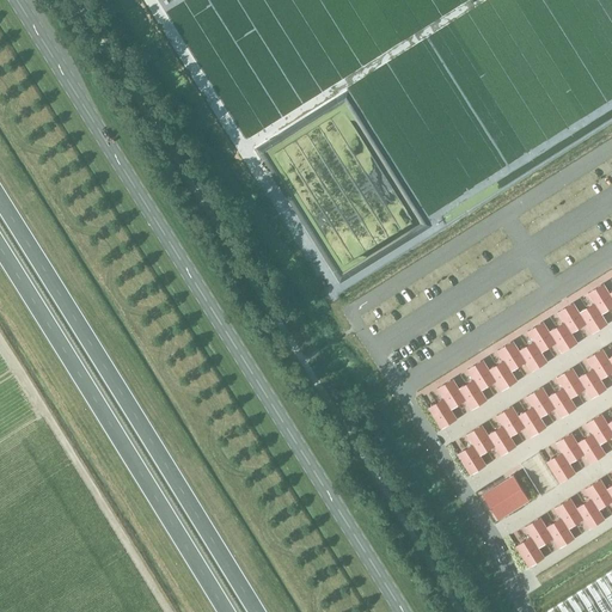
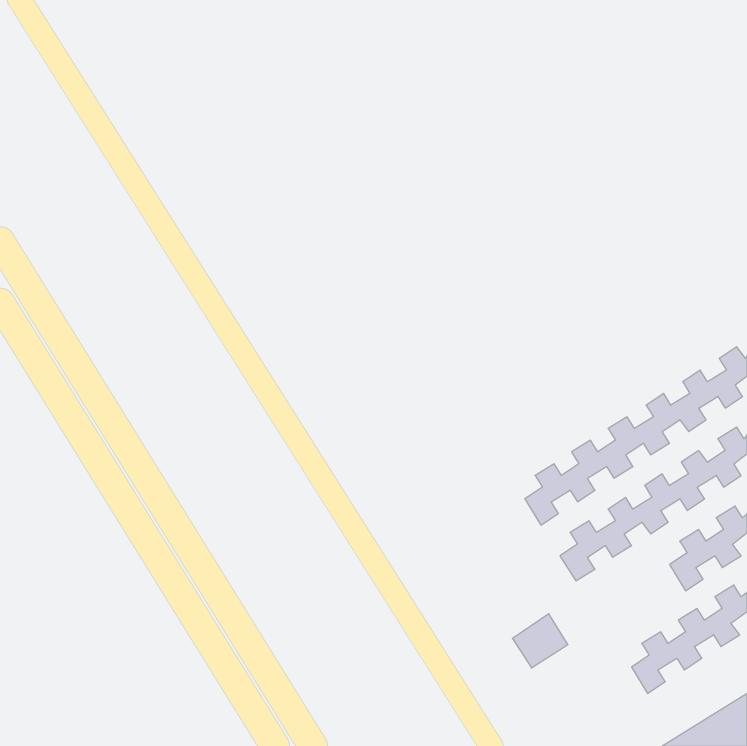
building: [483,473,528,518] -> [512,614,568,668]

